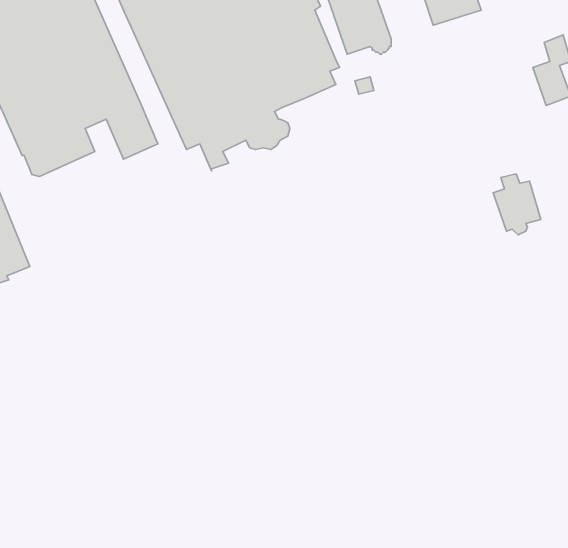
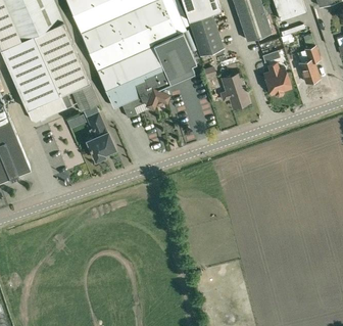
building: none -> [223,74,249,107]
building: none -> [87,113,115,160]
building: [493,174,541,235] -> [264,64,290,97]

